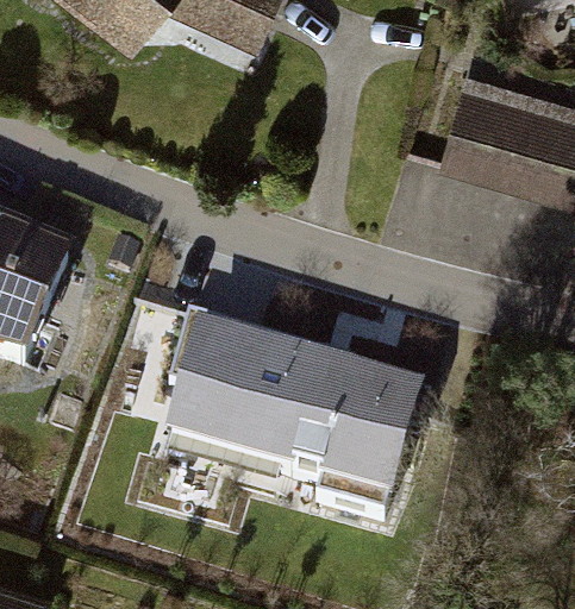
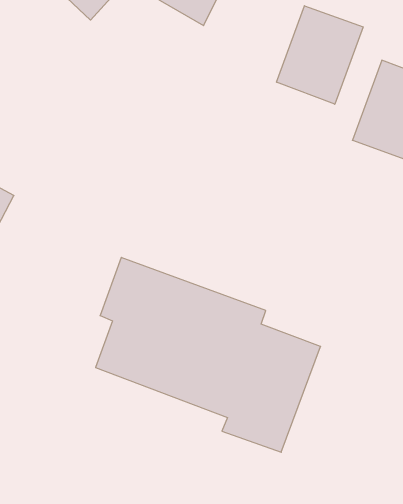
building: none -> [277,6,363,104]

